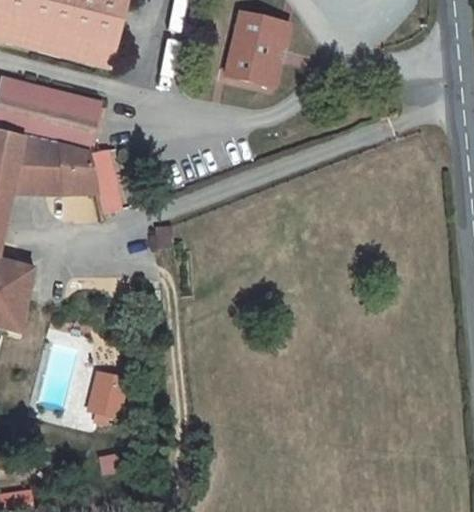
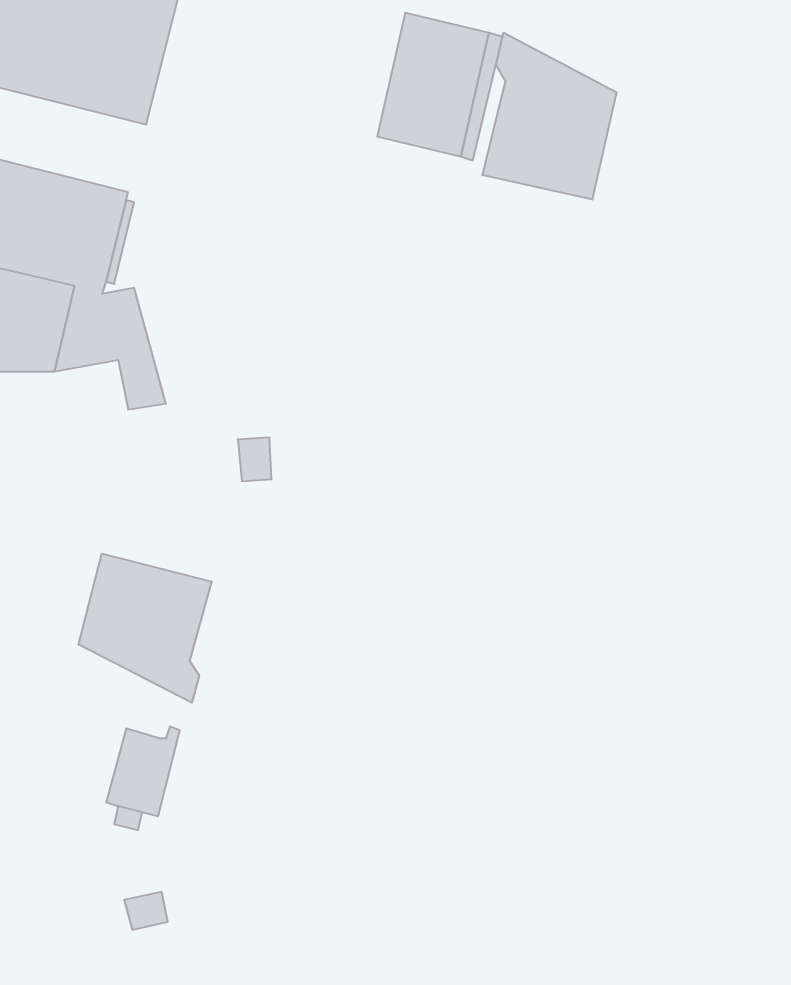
building: none -> [483,33,617,200]
building: none -> [79,554,212,703]

